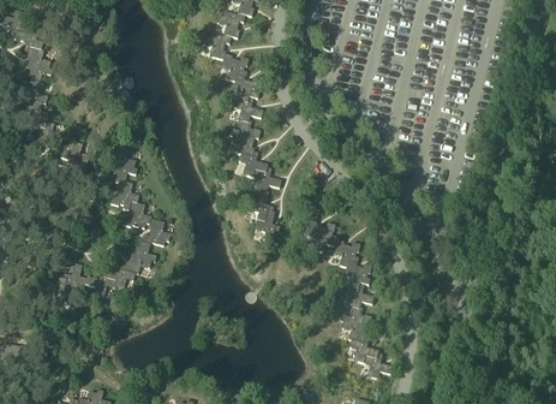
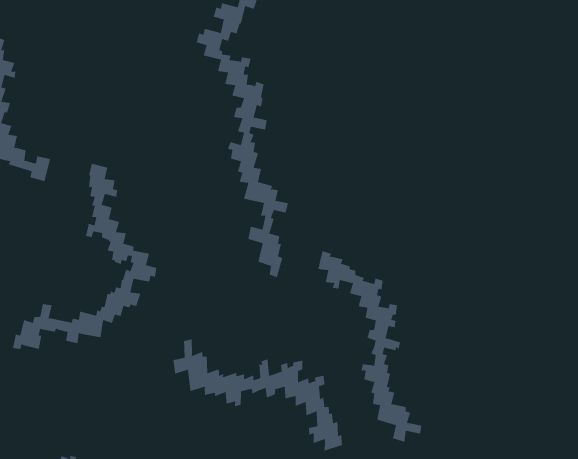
building: none -> [173,338,343,452]

